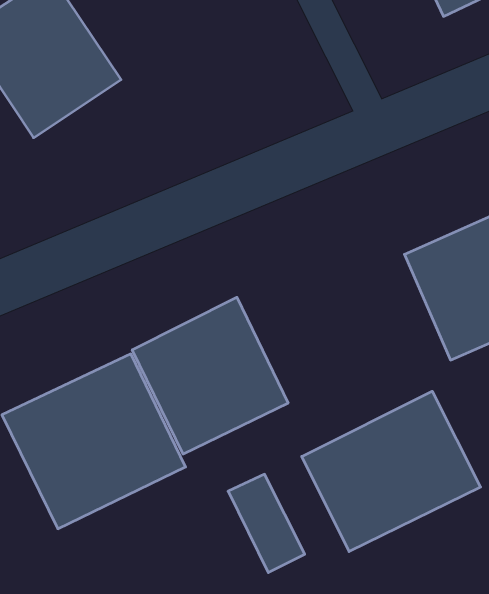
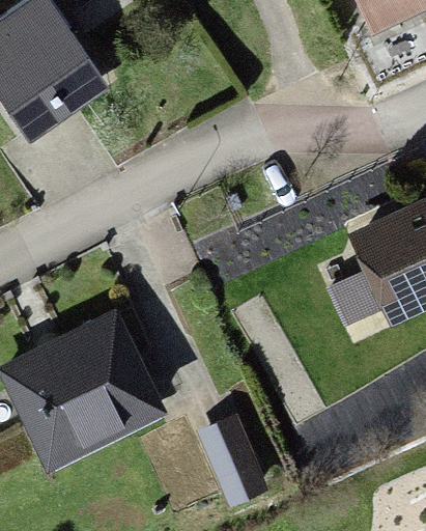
building: [132,297,288,454] -> none
building: [302,391,481,552] -> none

